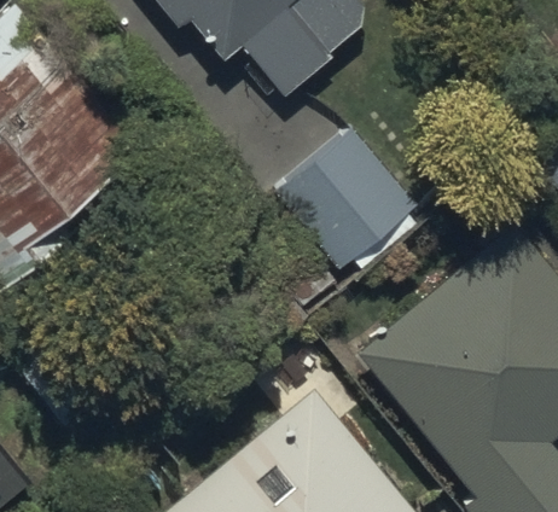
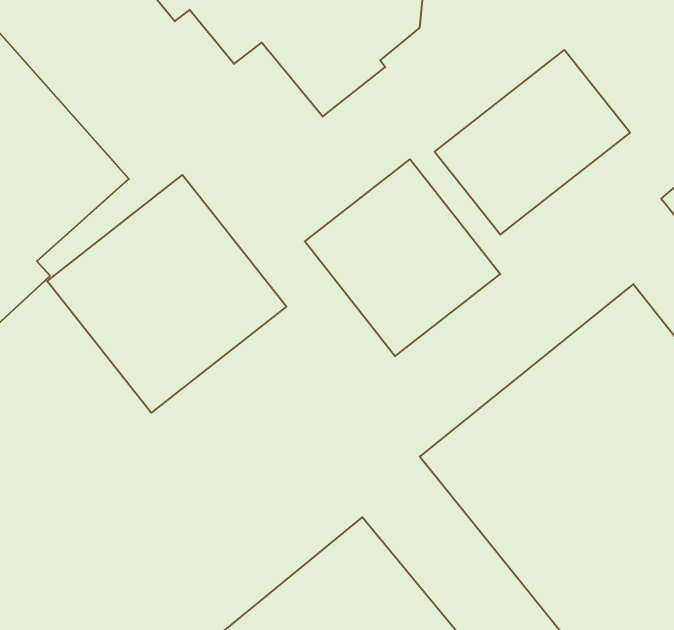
building: none -> [435,50,630,235]
building: none -> [47,175,286,413]

